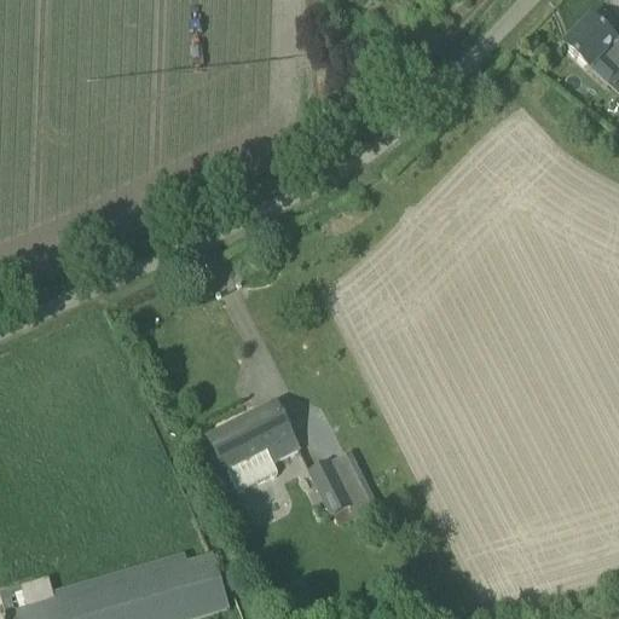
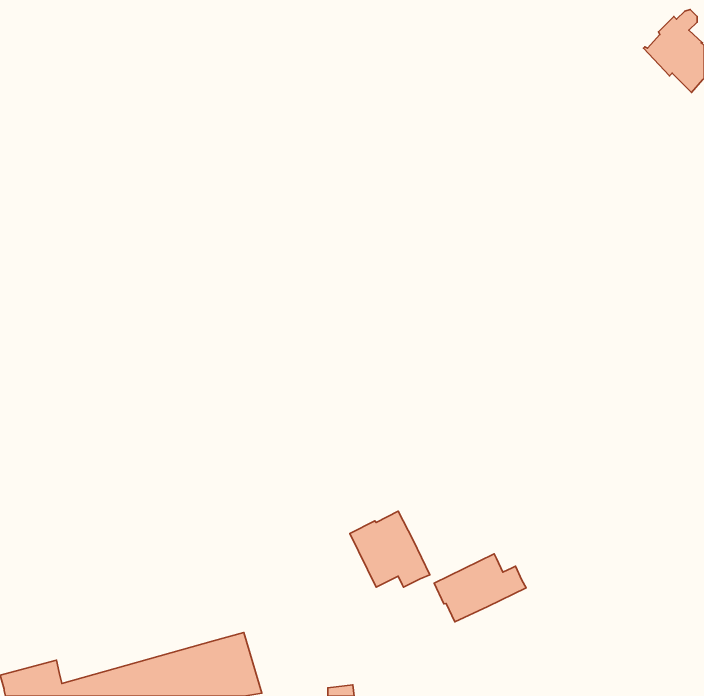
building: [208,400,299,491] -> none
building: none -> [434,554,526,622]

